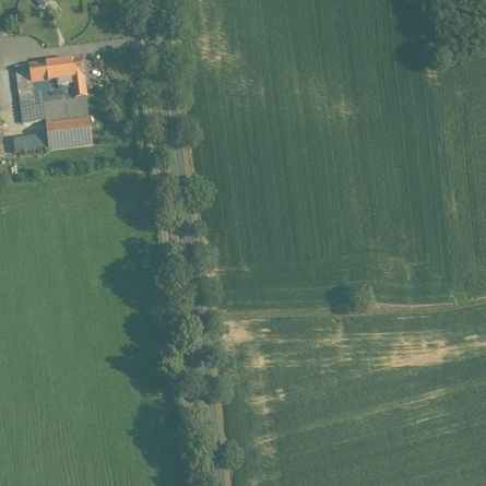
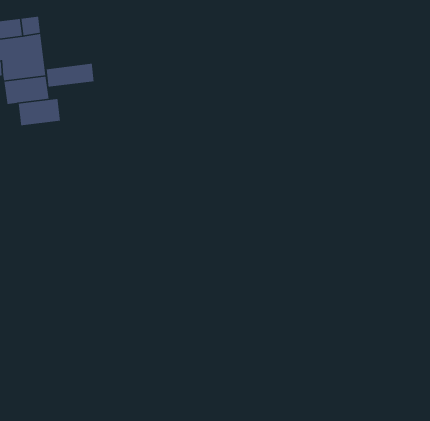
building: none -> [46,63,94,88]
building: none -> [18,98,61,126]

